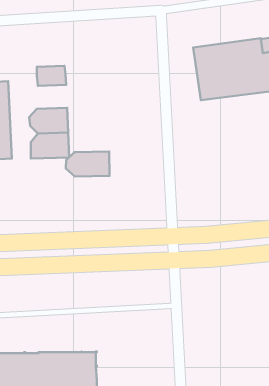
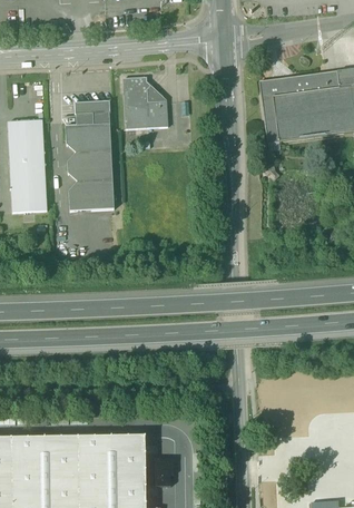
building: none -> [122,77,168,129]
building: none -> [66,125,111,153]
building: [66,151,110,177] -> none

